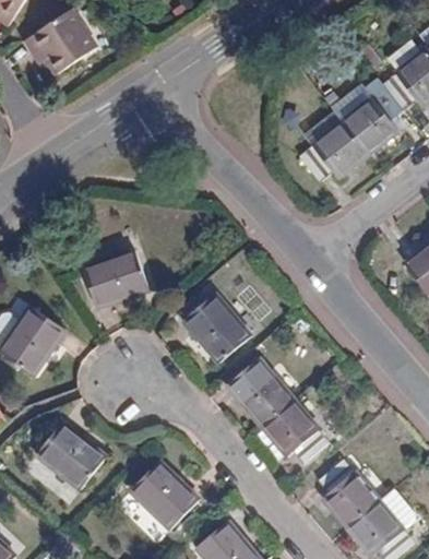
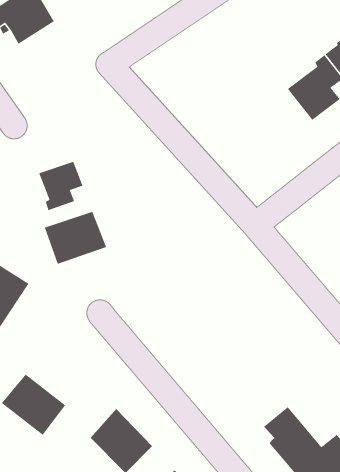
building: [300,120,369,182] -> none
building: none -> [38,161,84,211]
building: [181,293,251,364] -> none
building: [231,358,330,465] -> none

